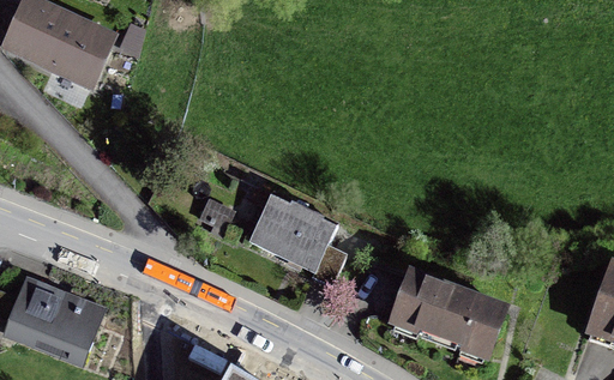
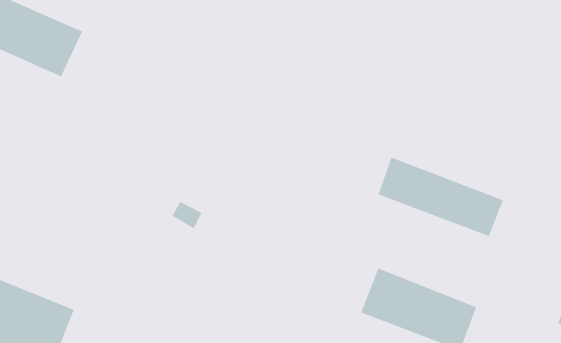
building: none -> [378,157,504,237]
building: [248,197,337,276] -> none

